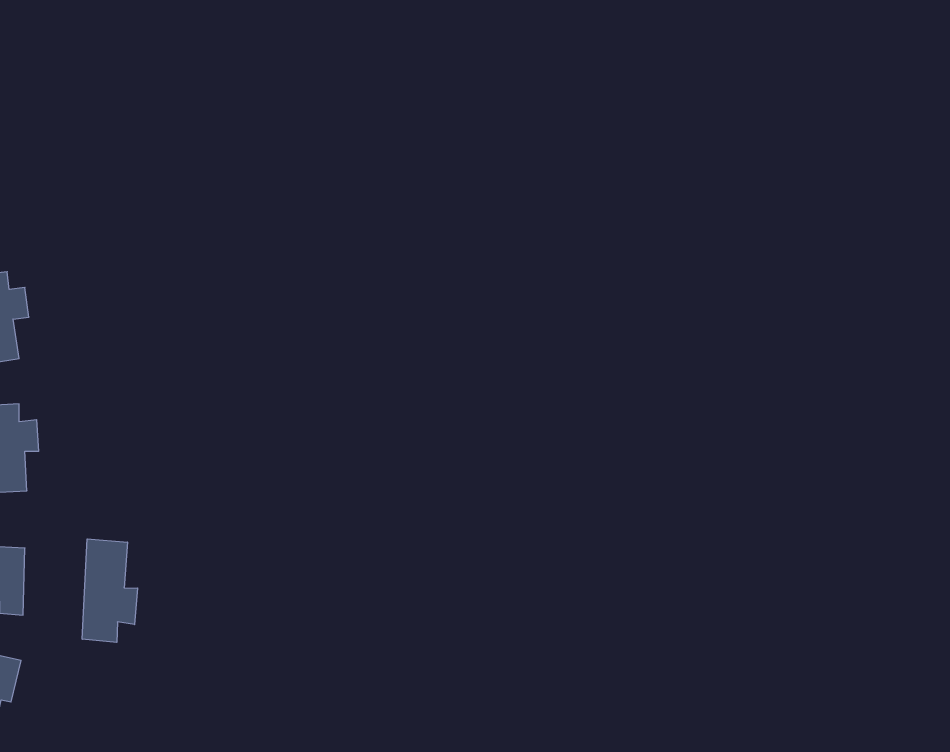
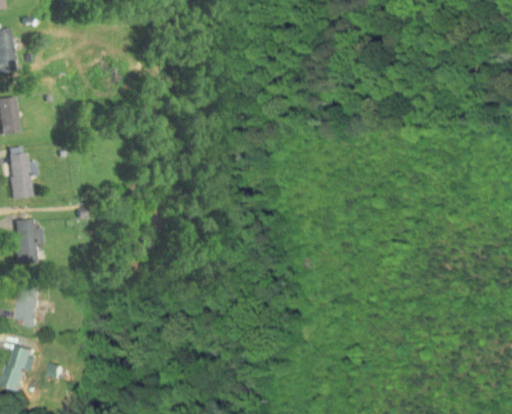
building: [82,539,138,642] -> none

